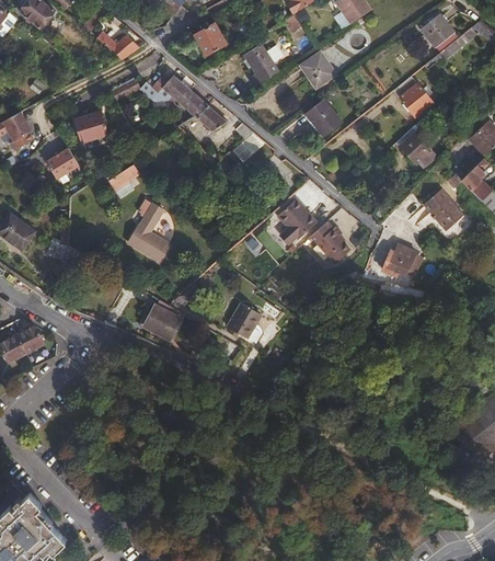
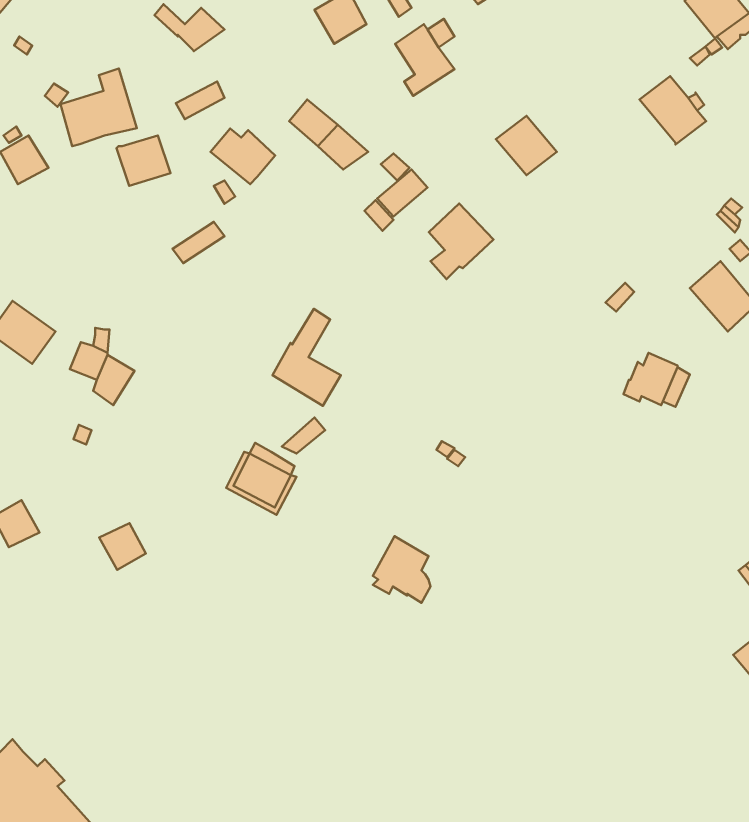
building: [299,51,335,89] -> none
building: none -> [61,69,137,146]
building: [150,73,189,107] -> [211,128,275,184]
building: [395,102,445,167] -> none
building: [46,149,79,180] -> none
building: [277,199,316,245] -> [429,204,493,279]
building: [127,203,169,262] -> [273,309,341,406]
building: [310,220,350,264] -> none
building: [227,302,262,343] -> [373,536,430,603]
building: [15,325,44,354] -> [99,523,146,570]

